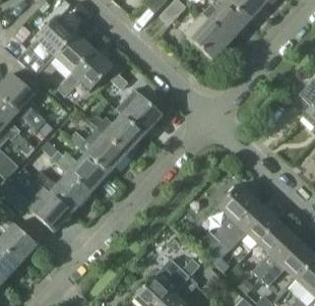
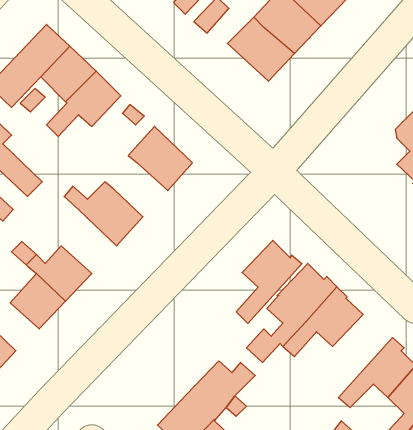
building: [87,111,142,152] -> none
building: [42,141,107,192] -> none
building: [253,221,299,279] -> [236,240,302,323]

